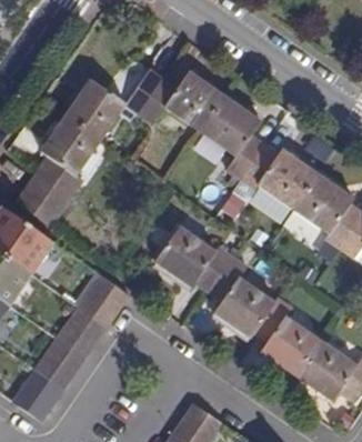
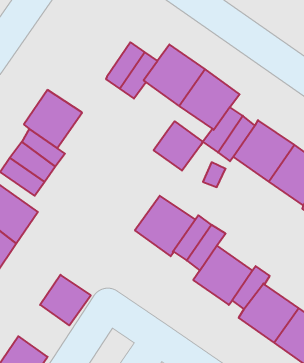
building: [64,79,125,140] -> none
building: none -> [154,121,203,171]
building: [78,274,131,328] -> none
building: [34,338,87,391] -> none

